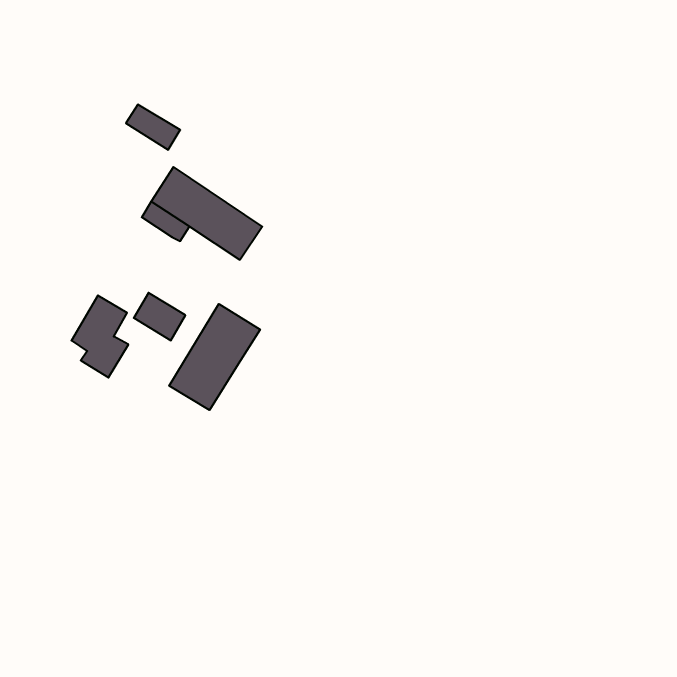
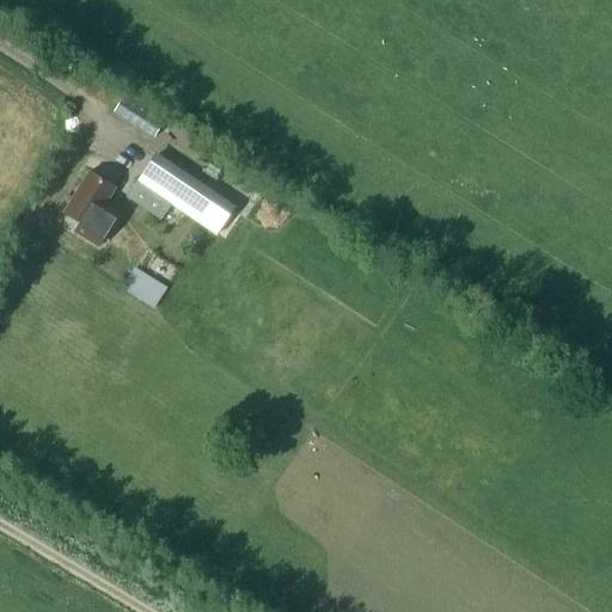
building: [71,295,128,378] -> [65,172,116,246]
building: [169,304,260,410] -> none

